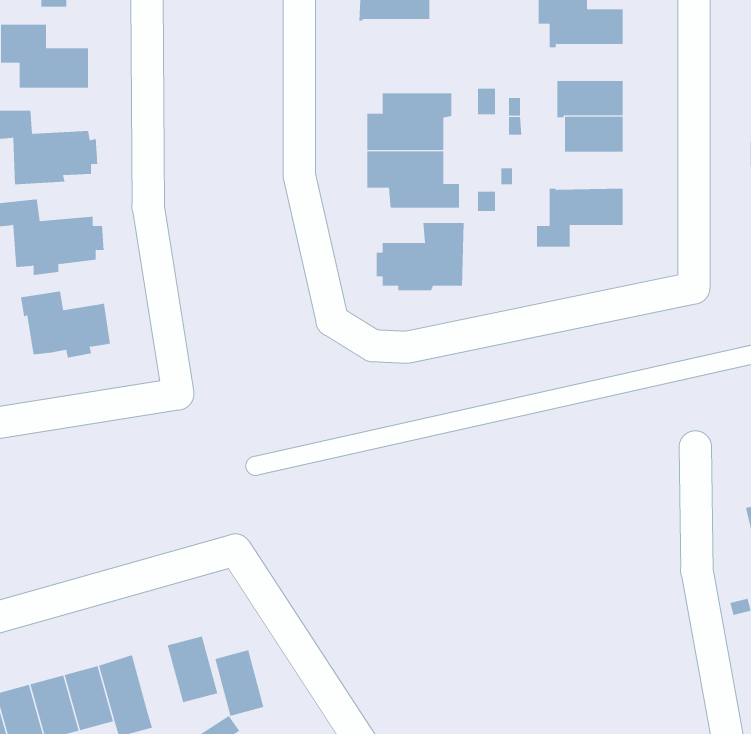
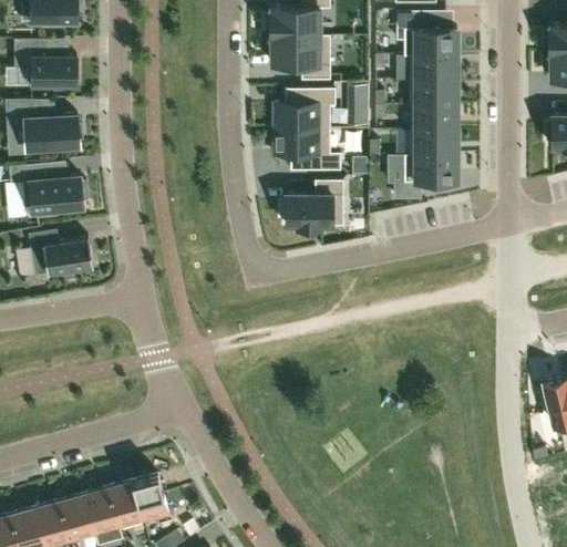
building: none -> [272,35,330,80]
building: none -> [410,54,457,80]
building: none -> [410,130,457,157]
building: [214,649,264,716] -> [109,481,144,528]

